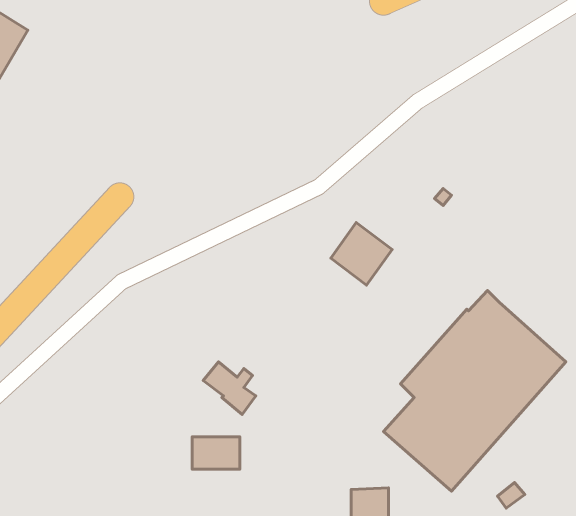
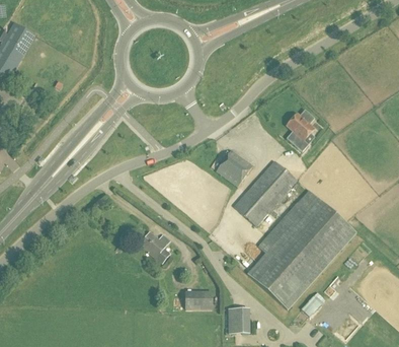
building: none -> [287,110,314,151]
building: none -> [234,160,297,226]
building: [192,437,240,469] -> [184,290,213,309]

